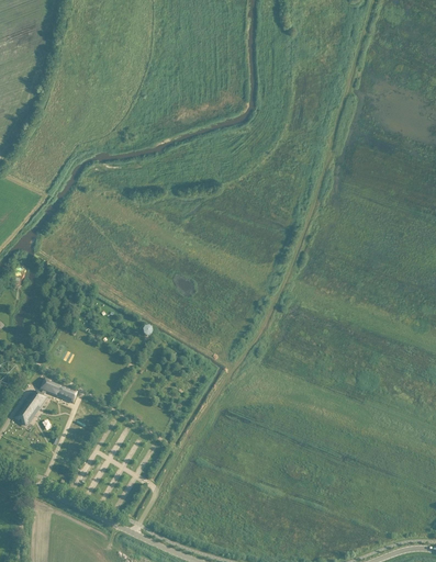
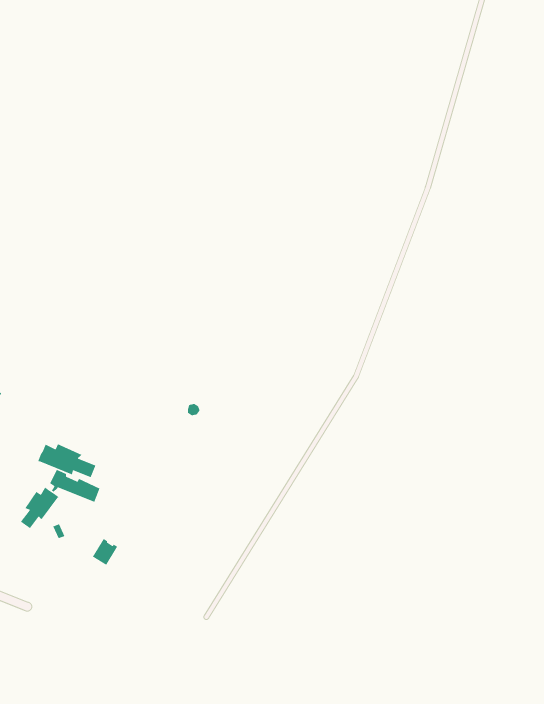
building: none -> [37,443,97,478]

